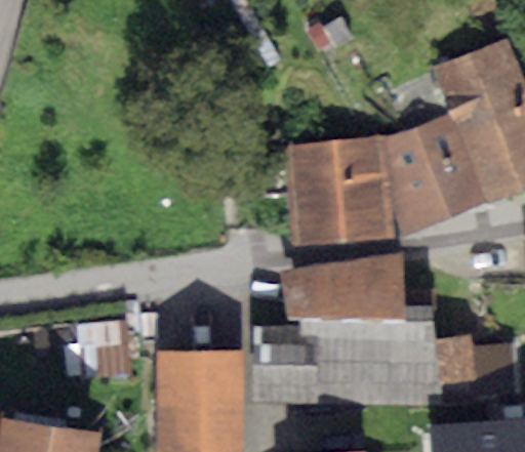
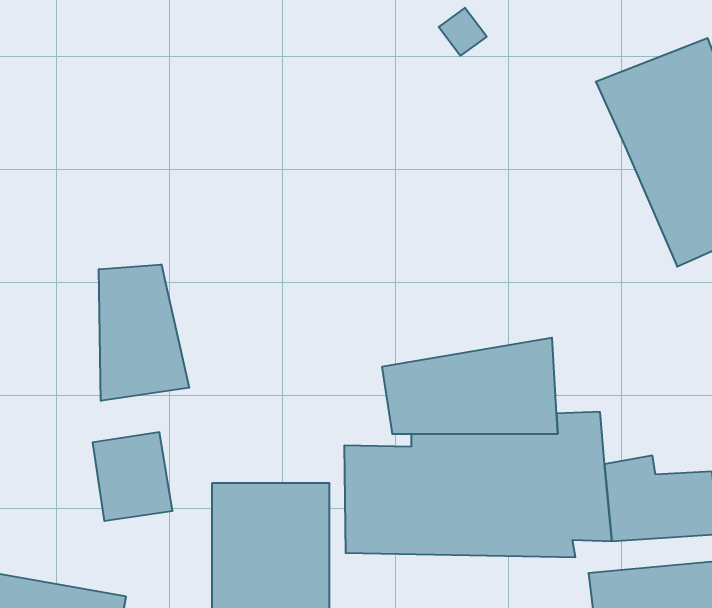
building: [390,114,488,237] -> none
building: [283,135,394,245] -> none
building: none -> [99,264,189,401]

